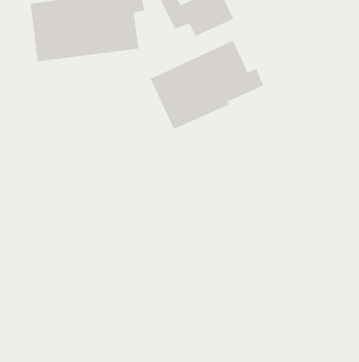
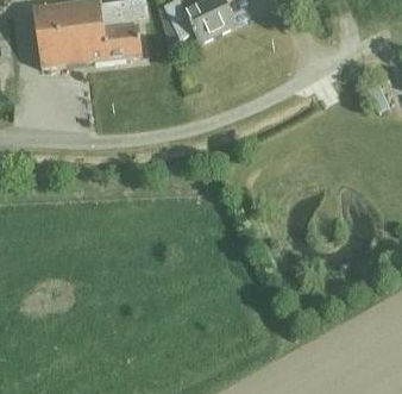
building: [150,40,264,130] -> none

